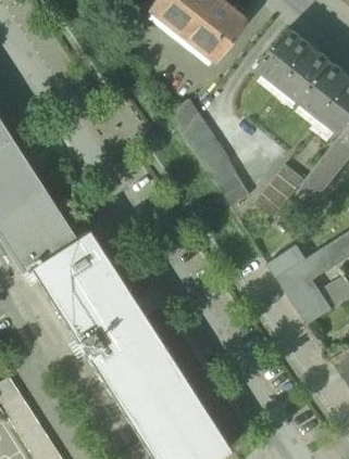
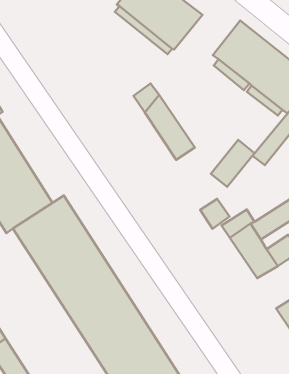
building: [217,173,251,207] -> [200,199,229,229]

